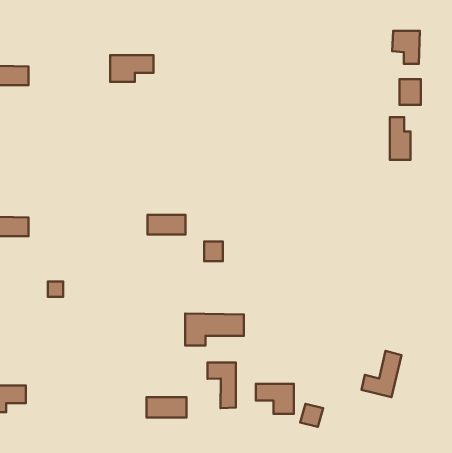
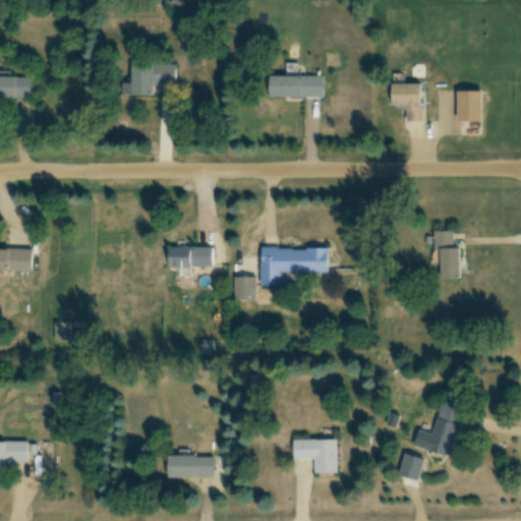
building: [392,31,420,64] -> [392,82,423,120]
building: none -> [268,74,324,96]
building: [390,117,410,160] -> [438,231,461,280]
building: [185,314,244,346] -> [260,247,328,284]
building: [207,362,236,408] -> none
building: [300,404,323,427] -> [398,454,424,480]

